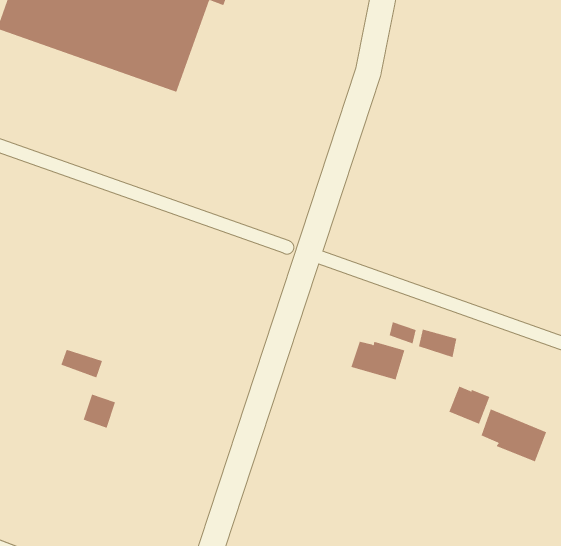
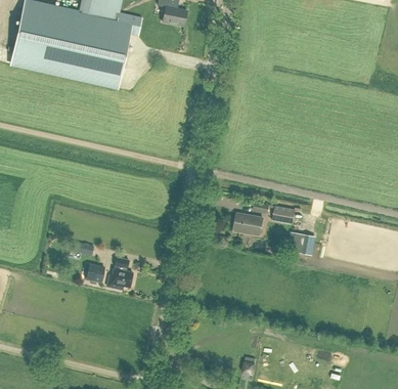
building: none -> [107,268,133,290]
building: [481,408,547,462] -> none

